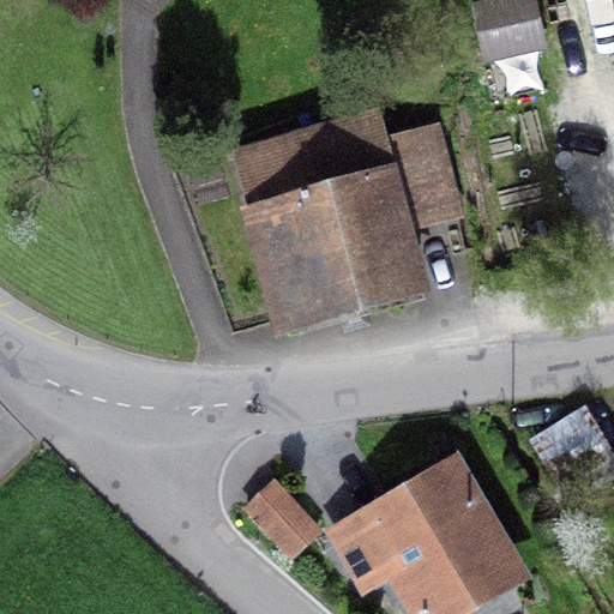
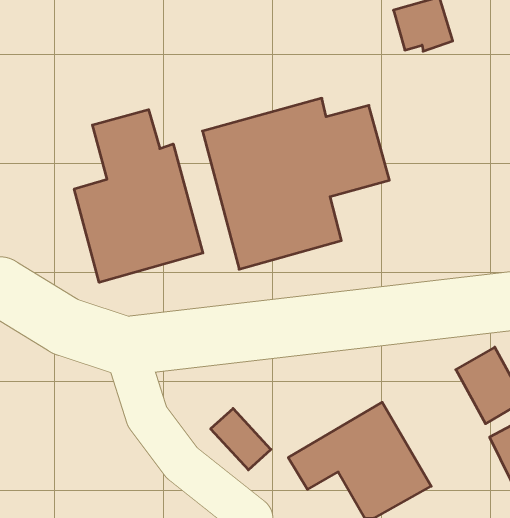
building: none -> [74,110,203,282]

